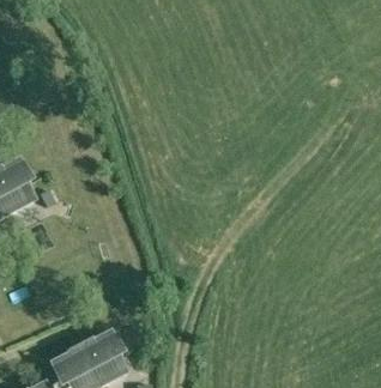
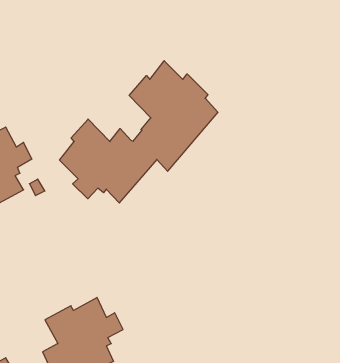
building: none -> [60,61,218,203]

